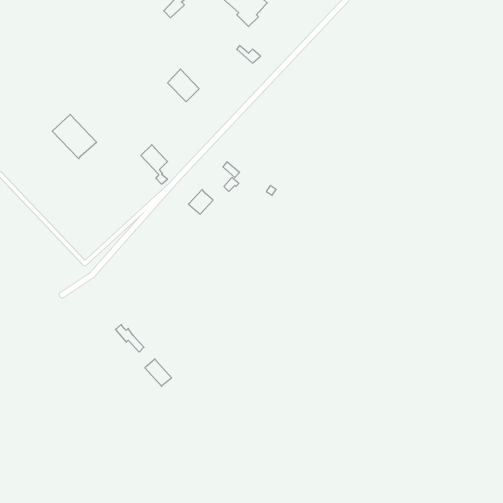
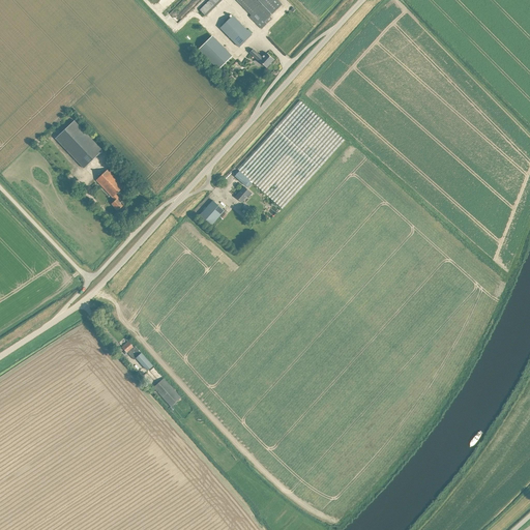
building: none -> [219,14,249,45]
building: [168,69,199,102] -> [198,34,231,68]
building: [141,145,168,184] -> [95,168,123,209]

